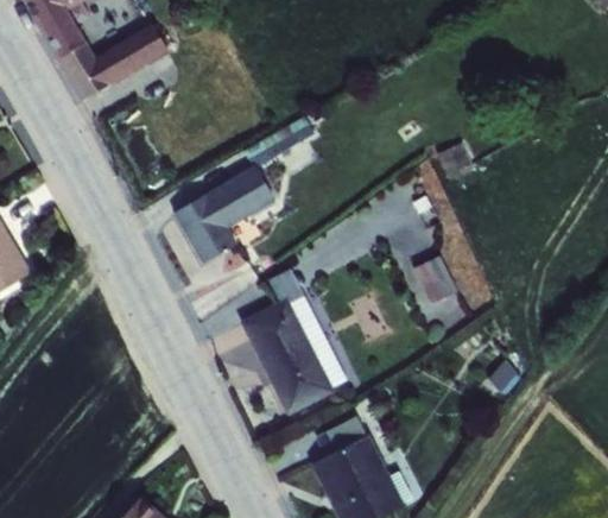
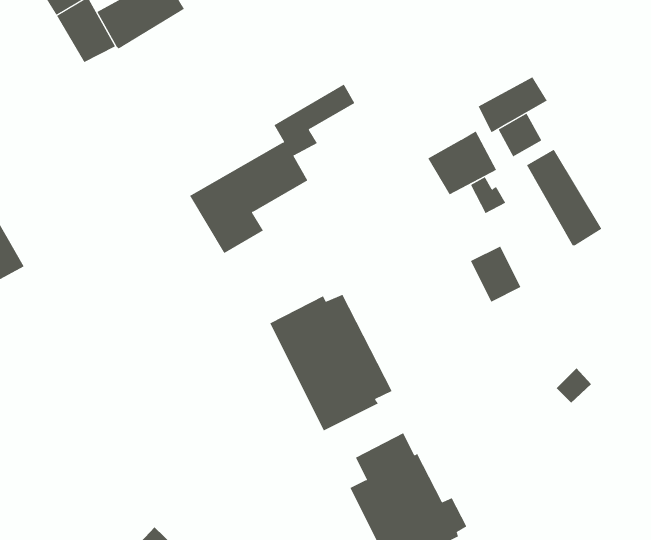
building: none -> [478,76,548,133]
building: none -> [427,130,497,195]
building: none -> [526,149,602,246]

